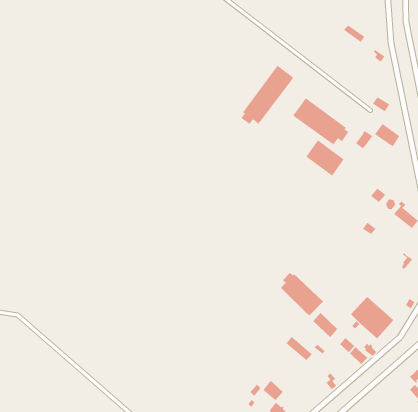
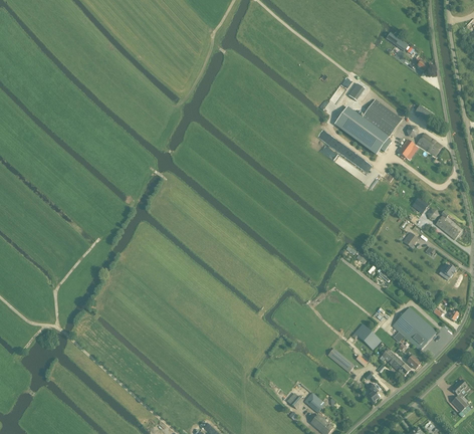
building: [241,65,294,125] -> none
building: [306,140,344,176] -> [362,98,401,136]
building: [279,272,324,316] -> none

